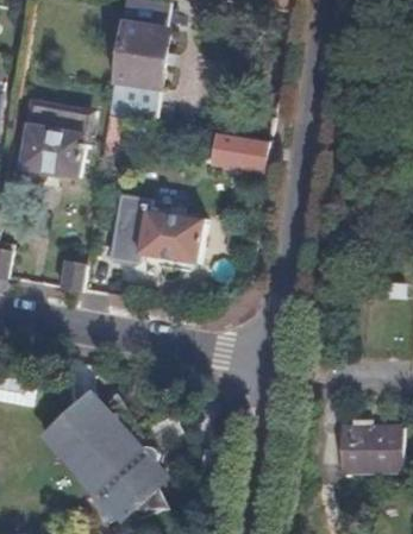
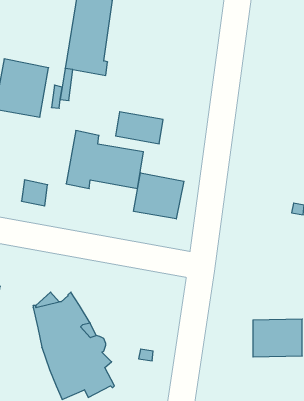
building: [209,133,268,172] -> [116,112,163,144]
building: none -> [134,173,184,219]
building: [42,410,88,486] -> none

